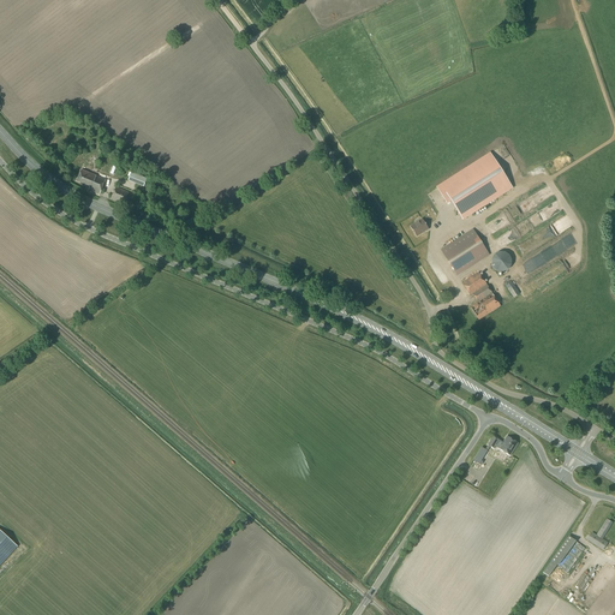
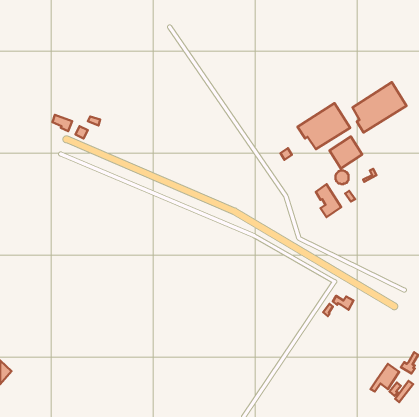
building: none -> [352,82,407,133]
building: [441,227,489,274] -> [329,137,362,169]

